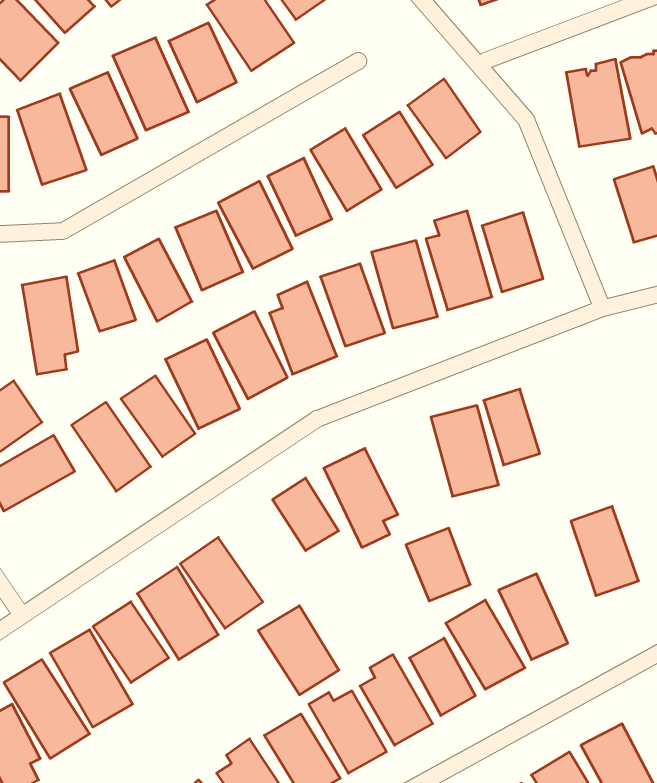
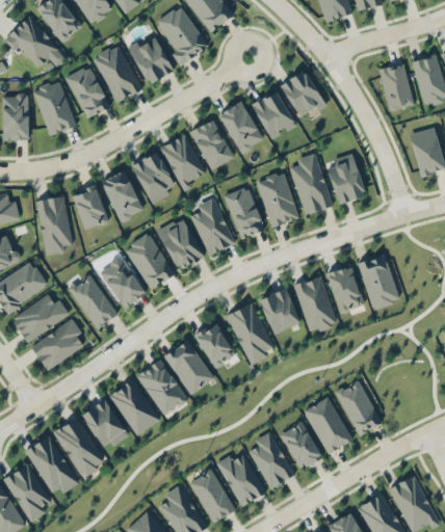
building: none -> [31,320,82,370]
building: [571,506,639,596] -> [358,254,400,310]
building: [406,528,470,601] -> [259,288,299,334]
building: [258,606,339,695] -> [163,339,214,395]

